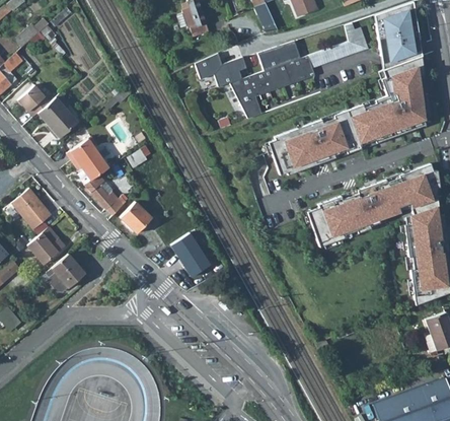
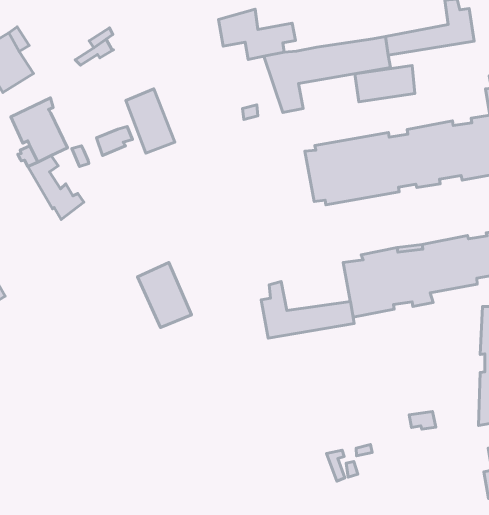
building: [257,40,300,70] -> [355,66,415,102]
building: none -> [126,89,175,153]
building: [120,201,152,232] -> none
building: none -> [261,282,354,338]

